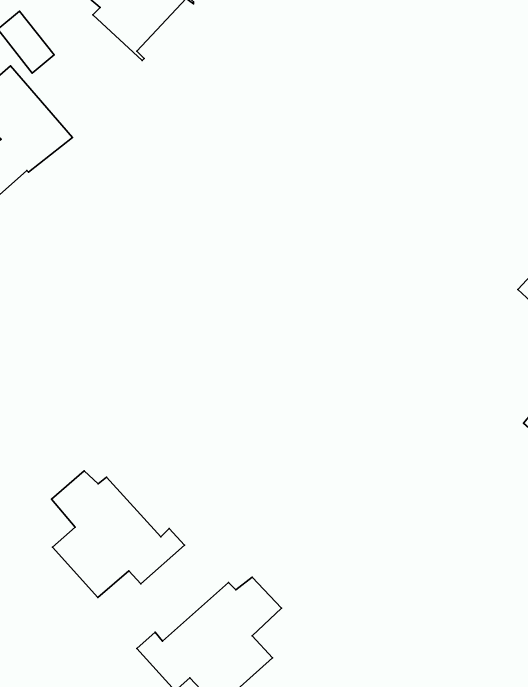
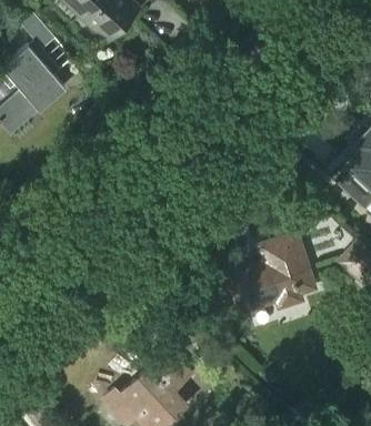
building: none -> [213,235,313,321]
building: [51,471,184,598] -> none

